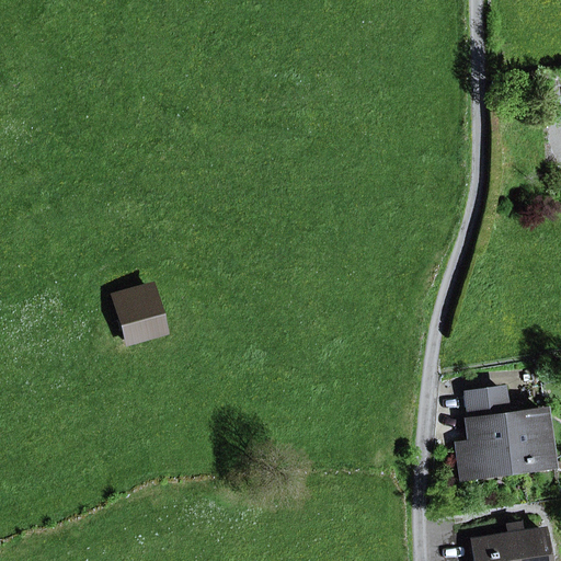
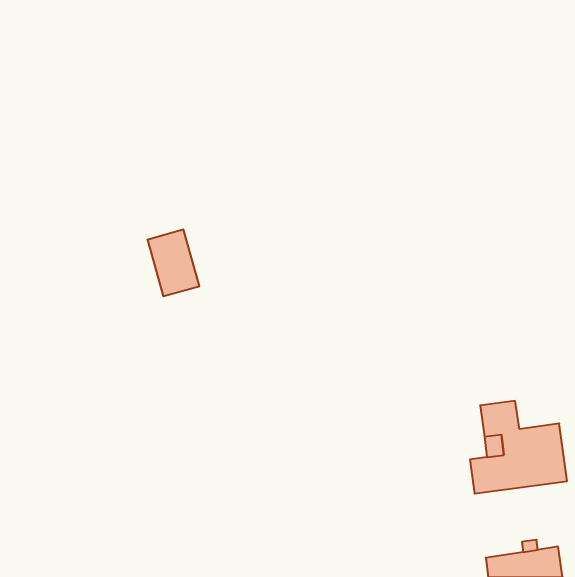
building: [111,276,161,341] -> [147,230,199,296]

